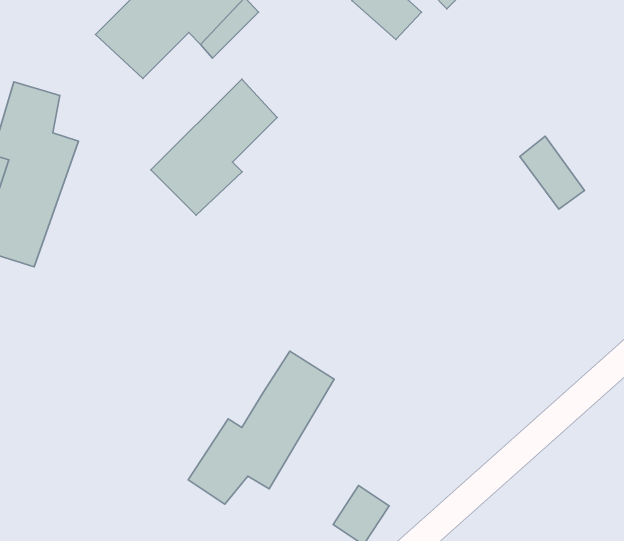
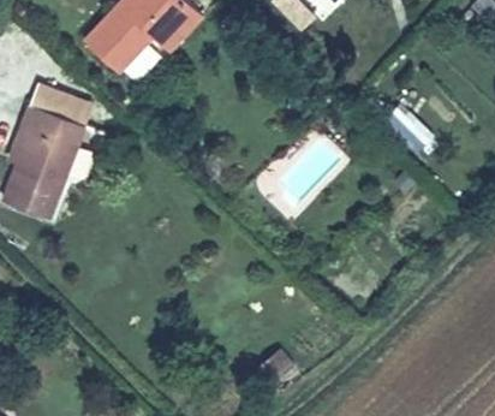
building: [151,79,277,215] -> none
building: [188,351,334,504] -> none

